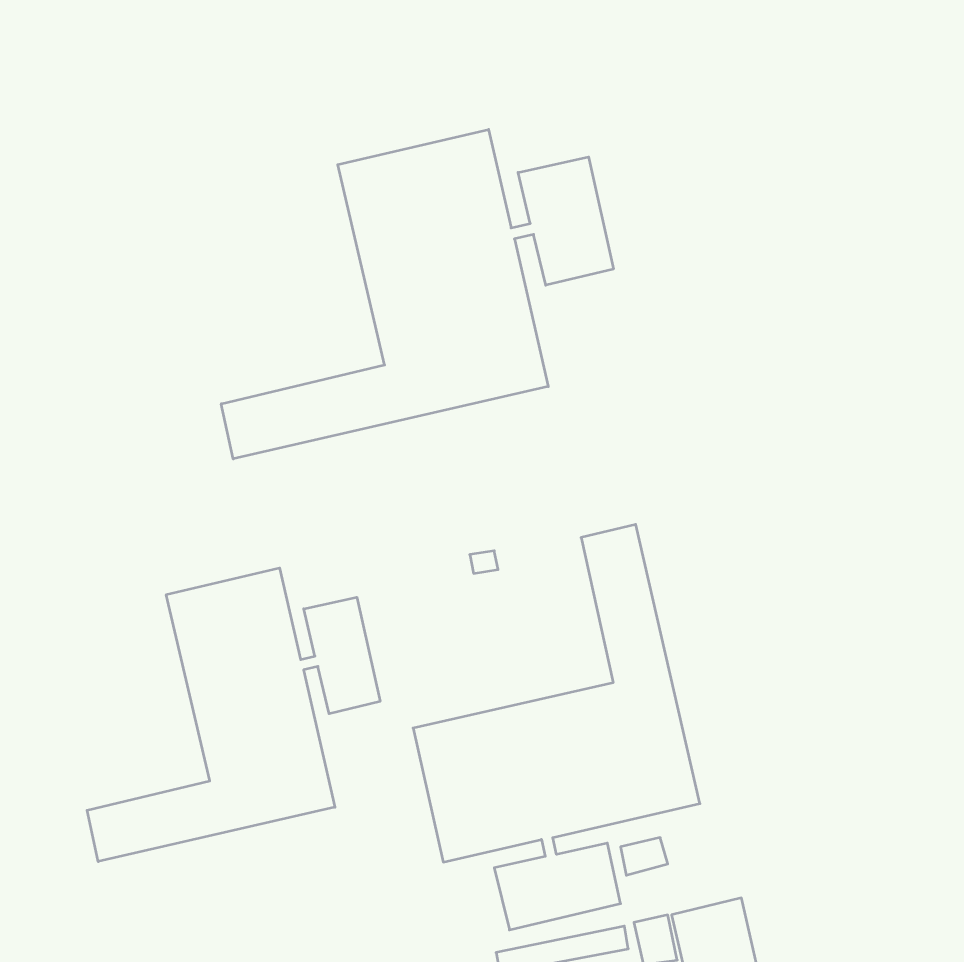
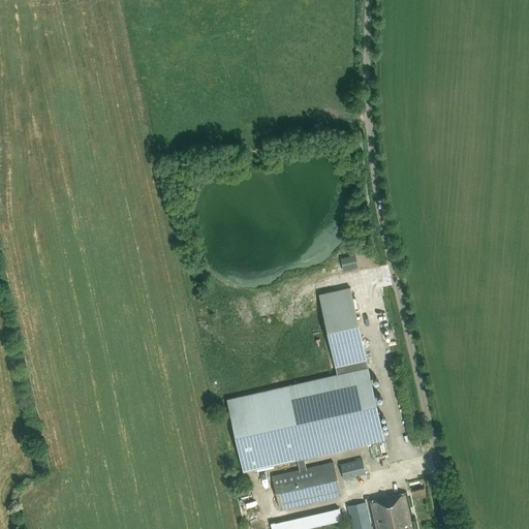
building: [221,129,613,459] -> none
building: [87,568,380,862] -> none

